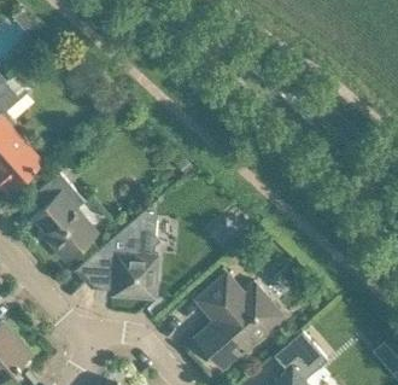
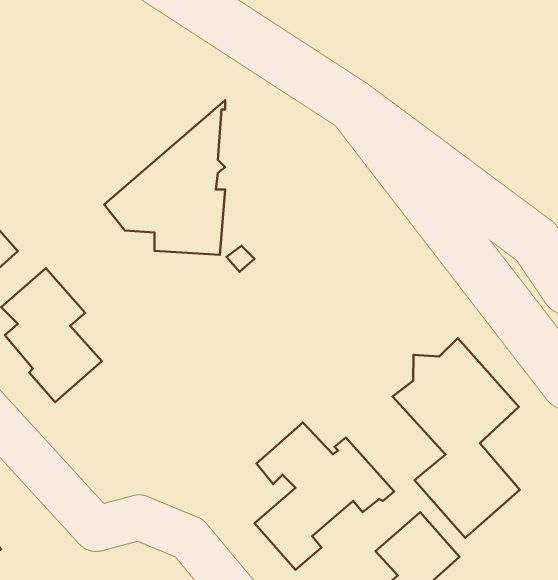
building: [80,200,158,301] -> [104,100,225,255]
building: none -> [392,338,520,538]

